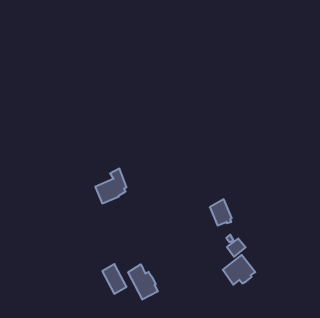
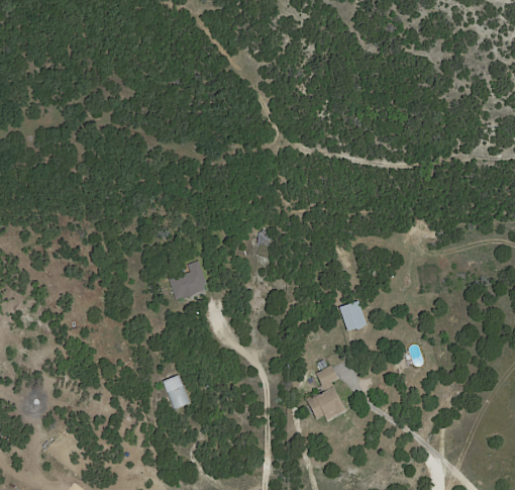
building: [210,199,232,226] -> [341,300,366,330]
building: [128,264,158,300] -> none

